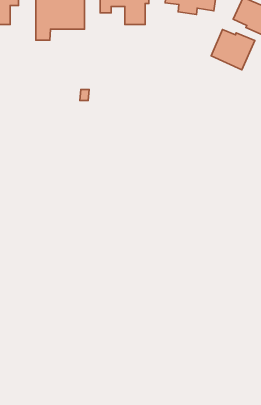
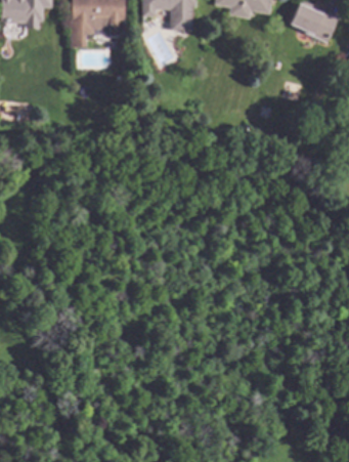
building: [211,30,255,70] -> none

